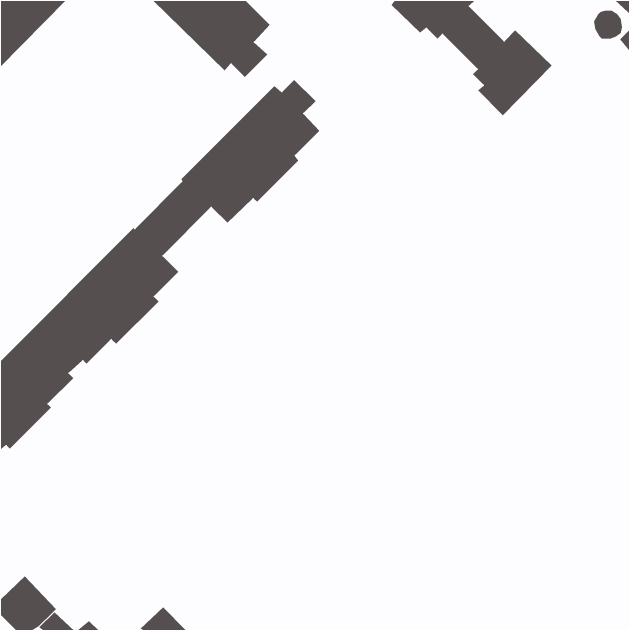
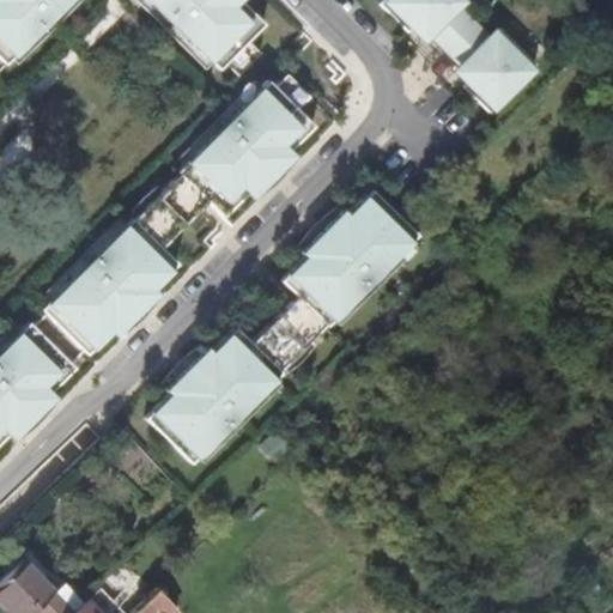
building: none -> [148,190,420,465]

